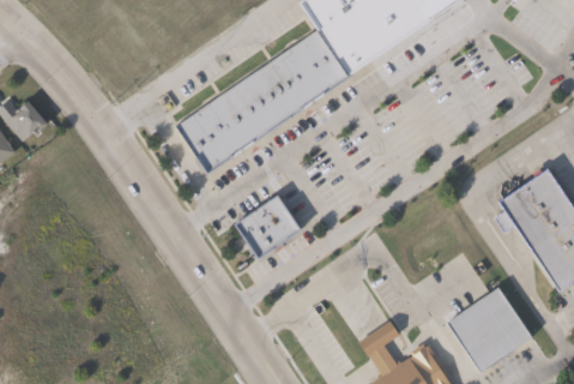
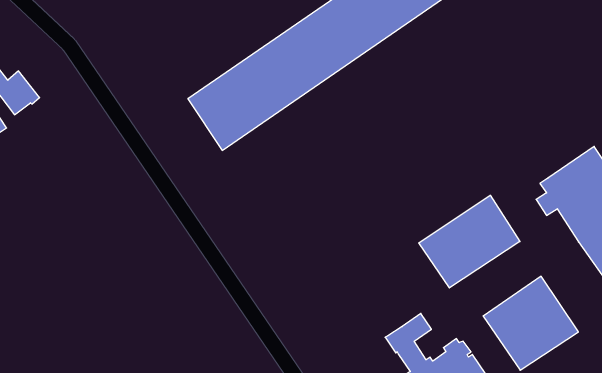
building: [237,193,303,257] -> none
building: none -> [419,195,520,288]

